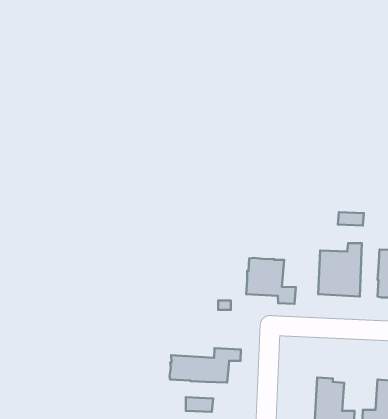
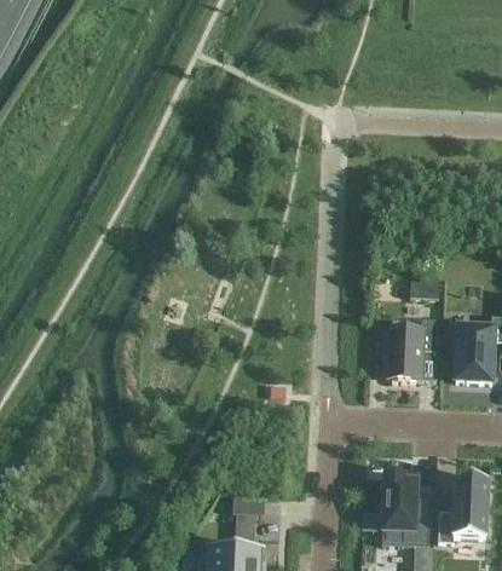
building: [246,258,296,304] -> none
building: [169,348,241,383] -> none

